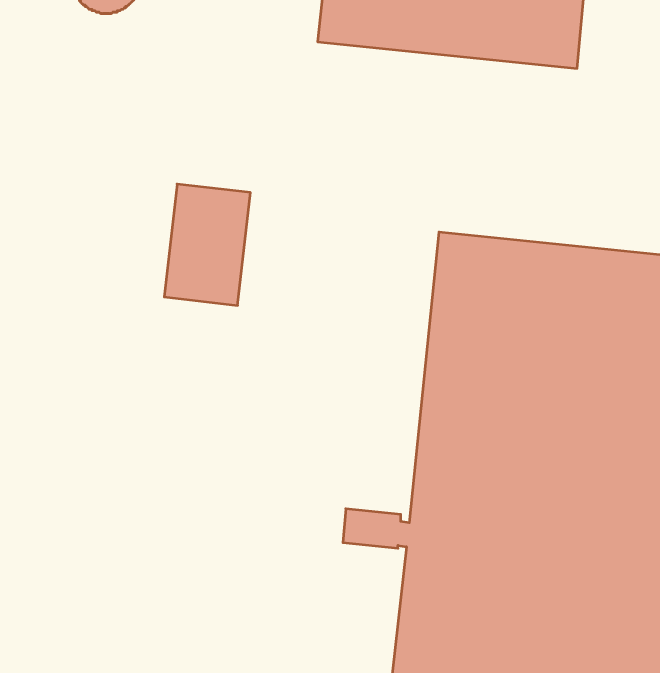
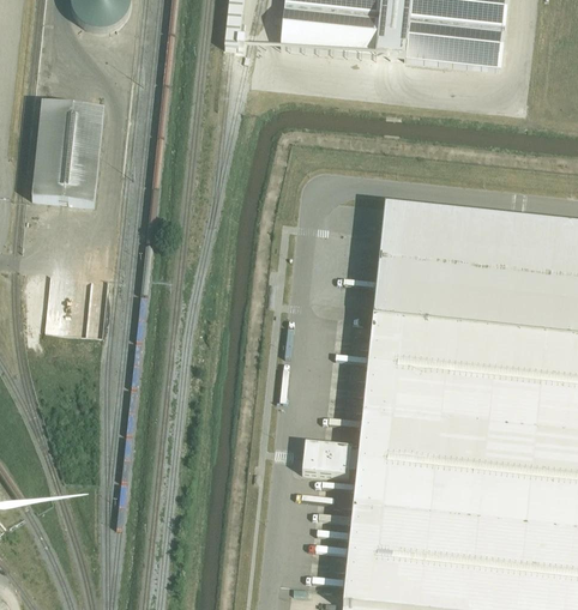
building: [164,184,250,305] -> [31,98,104,201]

